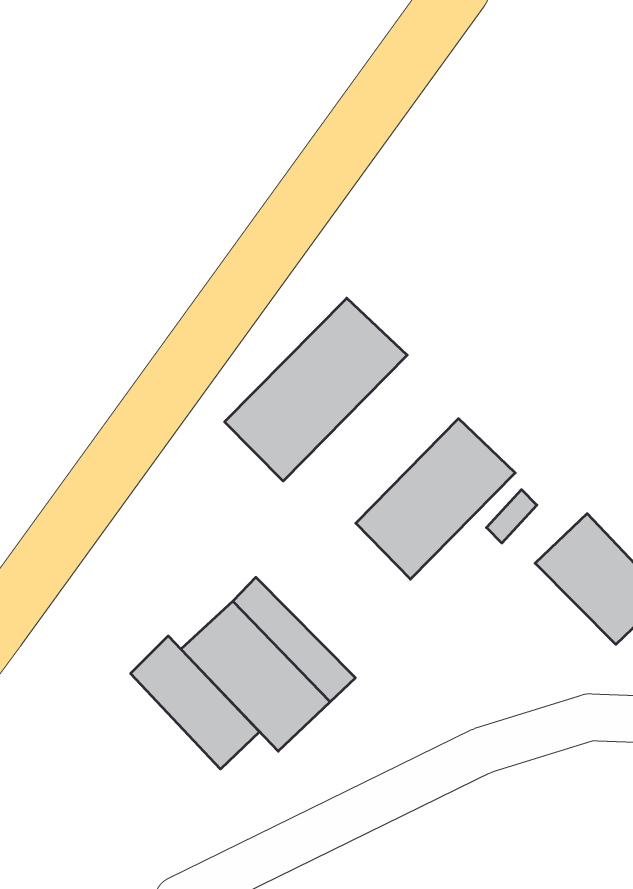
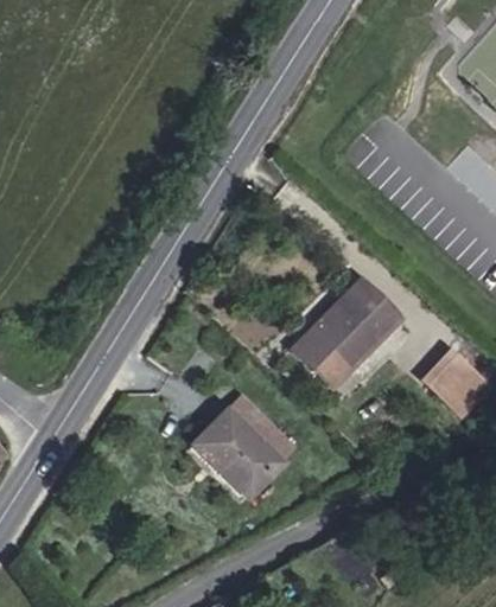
building: [225,298,407,481] -> none
building: [131,636,259,769] -> none

